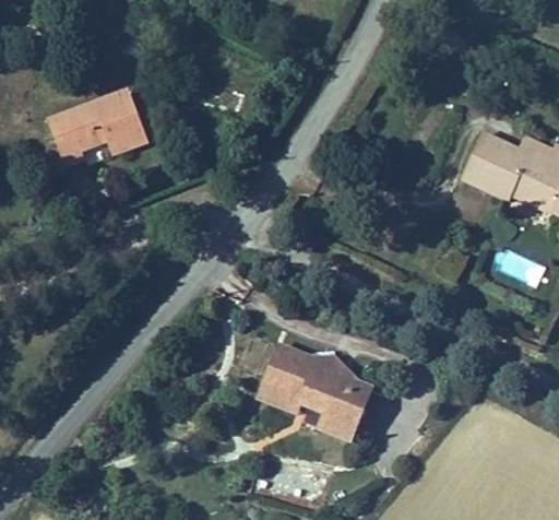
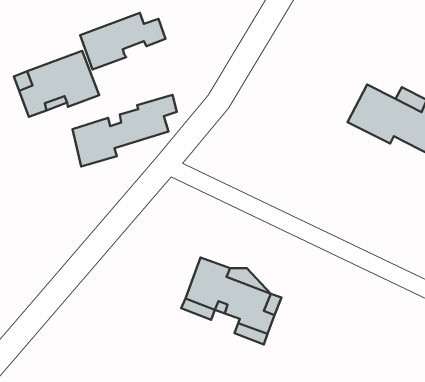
building: none -> [80,13,166,70]
building: none -> [72,95,177,167]

